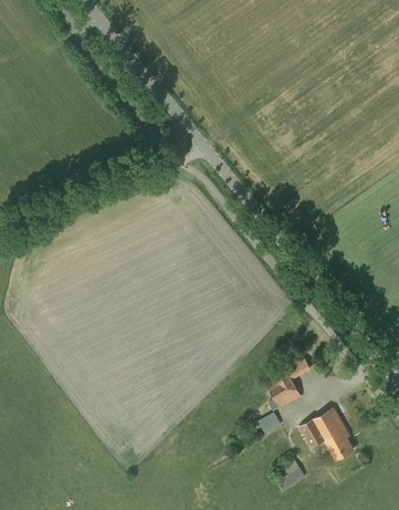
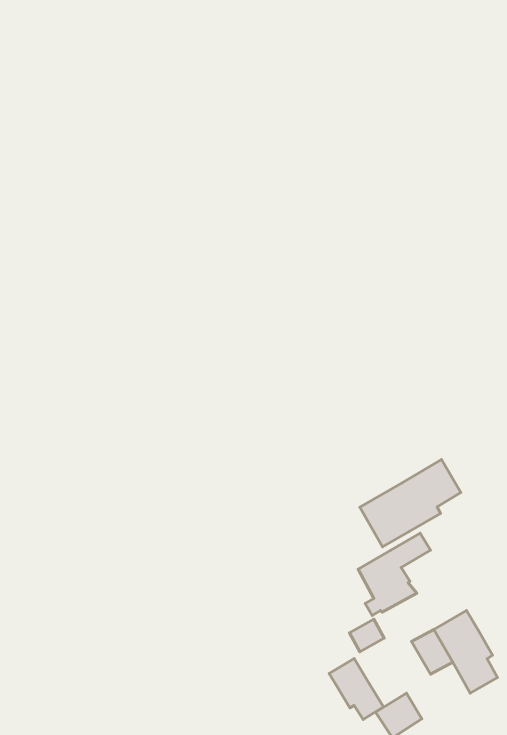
building: none -> [360,459,461,547]
building: none -> [329,659,384,720]

